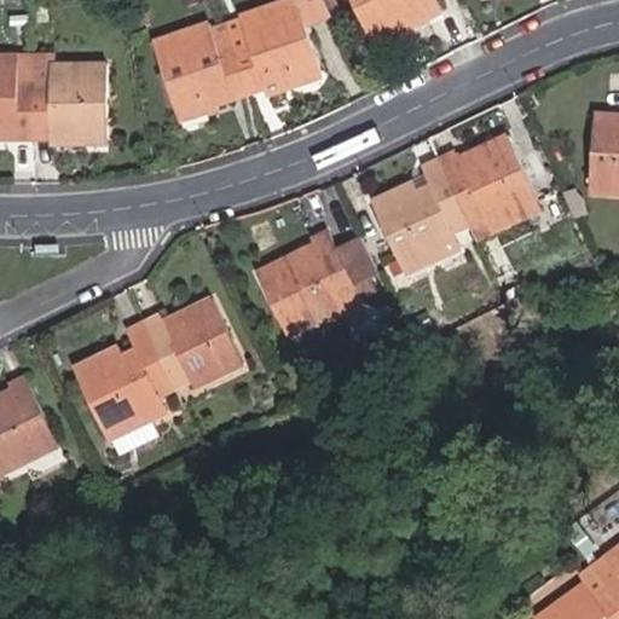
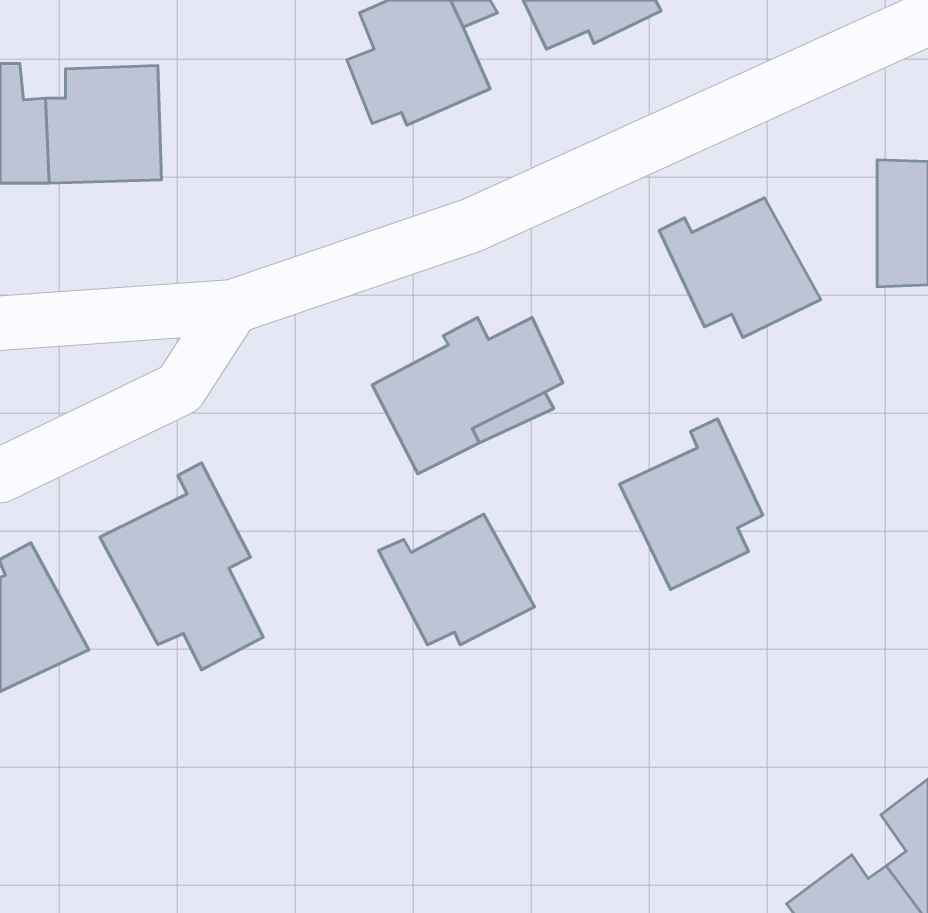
building: [150,25,248,128] -> none
building: [374,163,469,277] -> [620,419,763,589]
building: [134,294,238,381] -> [378,514,535,645]

